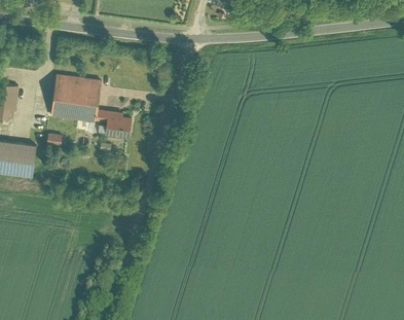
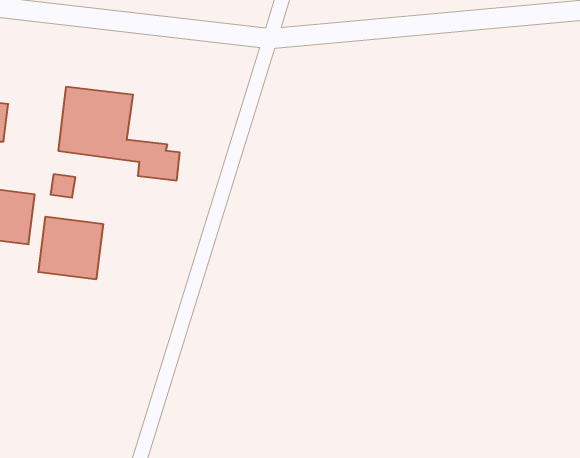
building: none -> [38,217,103,279]

